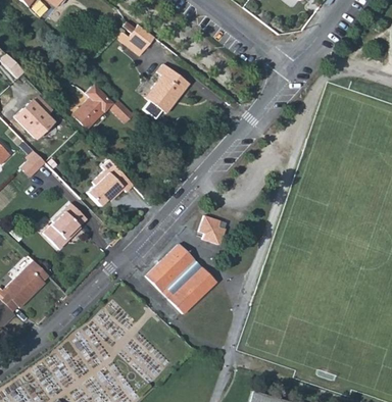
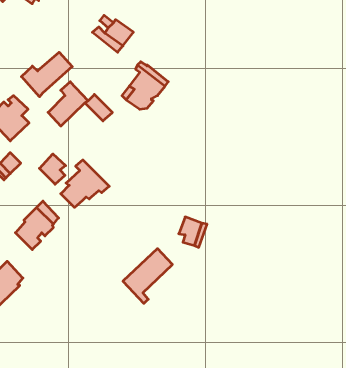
building: none -> [21,52,72,97]
building: none -> [39,154,66,184]
building: [167,267,215,315] -> none

